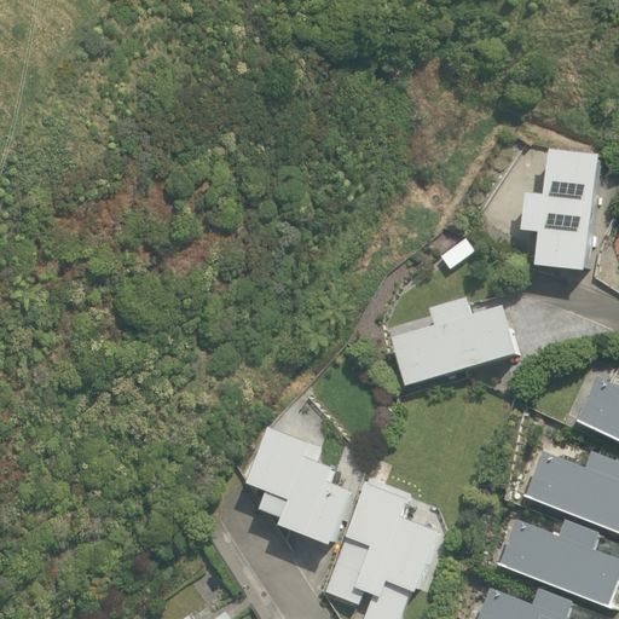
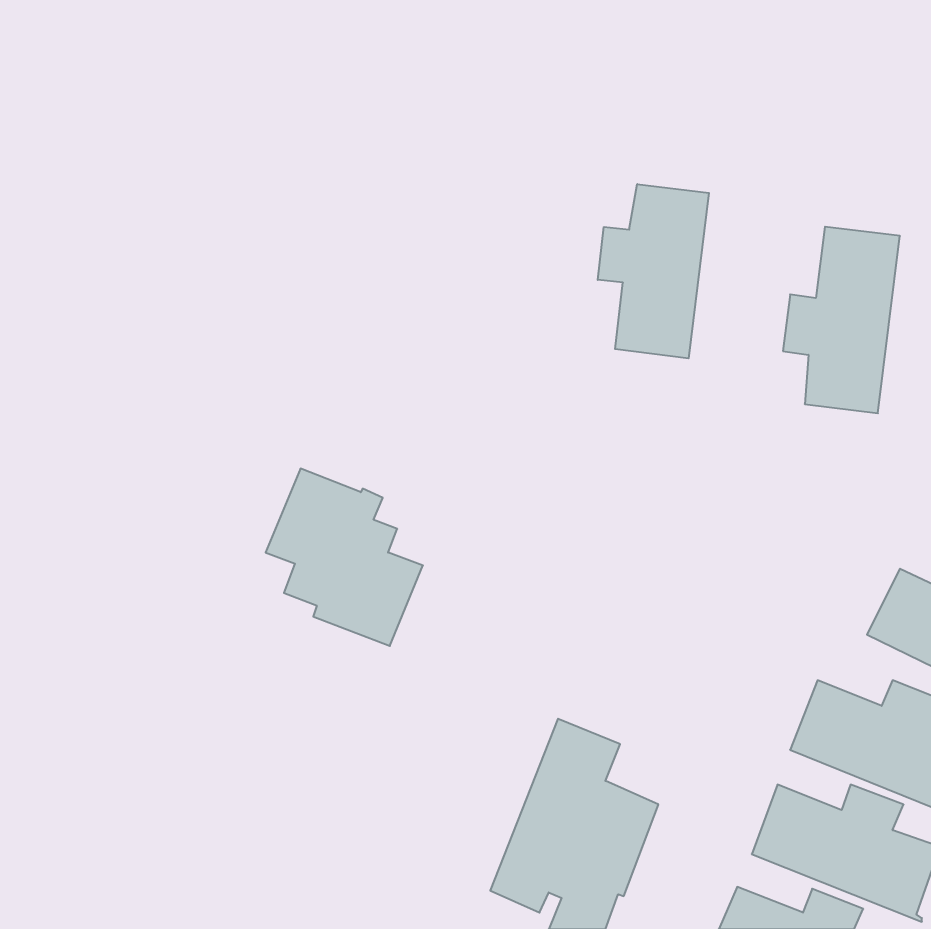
building: none -> [598,184,709,358]
building: [392,297,516,384] -> none
building: [247,427,351,544] -> [266,469,423,646]

